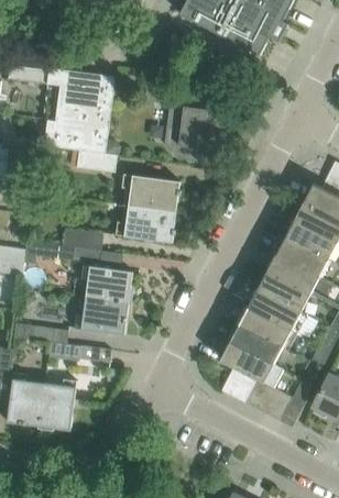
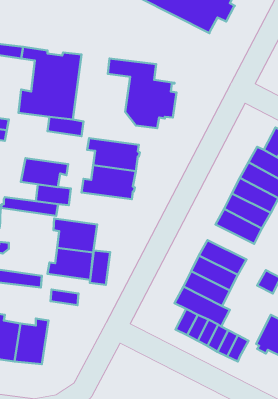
building: none -> [21,158,68,187]
building: [258,272,310,311] -> none
building: none -> [90,251,110,285]

